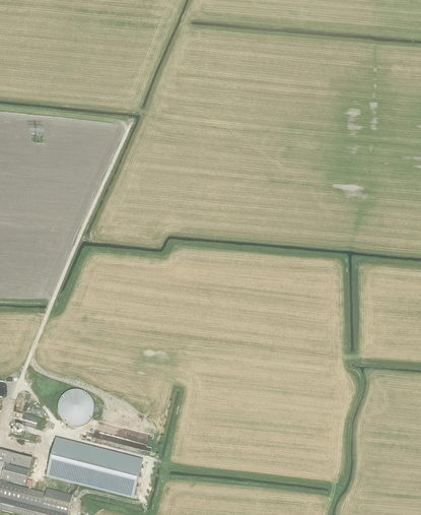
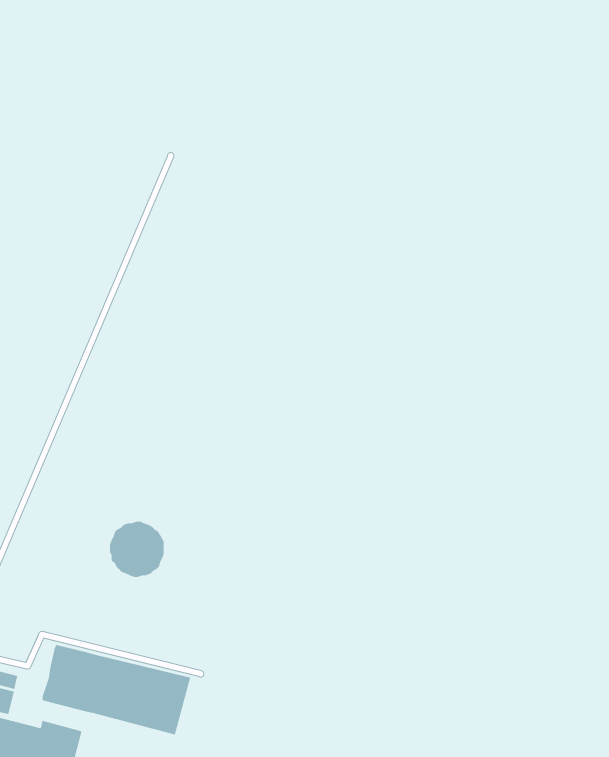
building: [58,388,93,425] -> [109,521,164,578]

